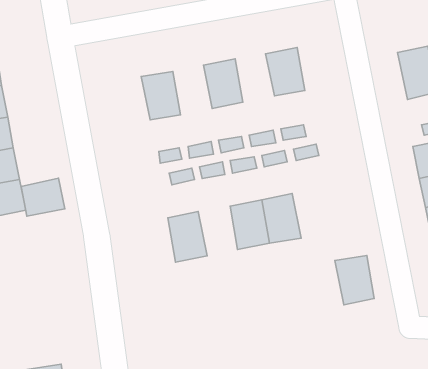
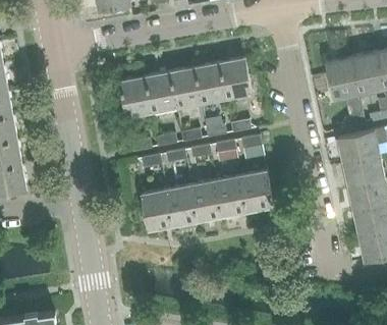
building: none -> [195,64,226,103]
building: none -> [145,73,176,113]
building: [21,178,65,216] -> none
building: none -> [165,186,197,226]
building: [335,255,374,305] -> [240,172,272,212]

